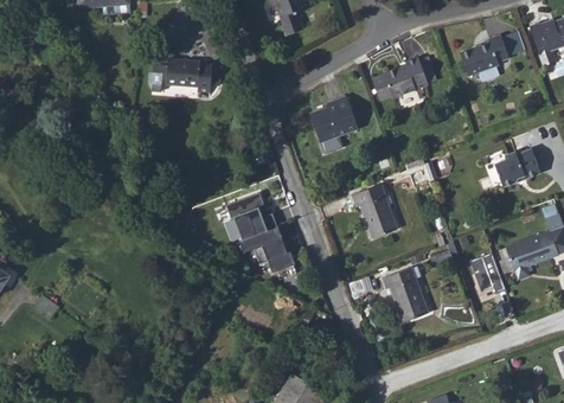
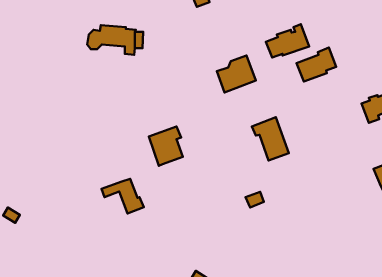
building: [462,36,513,79] -> [297,48,336,82]
building: [241,226,295,271] -> [102,179,144,214]
building: [470,252,505,293] -> none
building: [387,264,434,320] -> none

